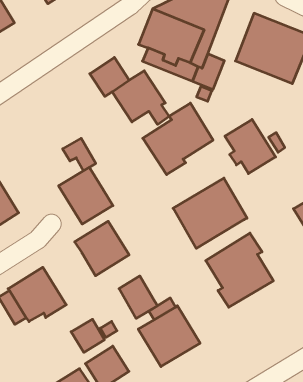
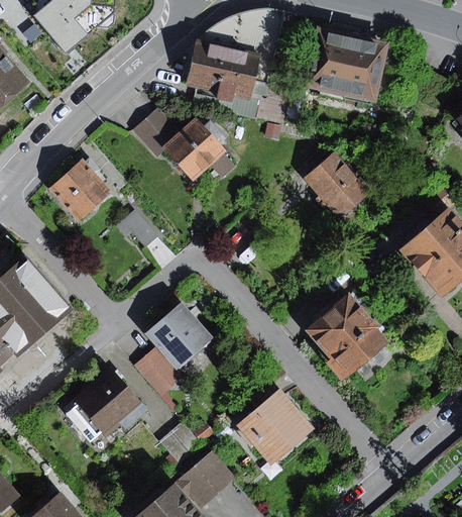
building: none -> [50,158,111,221]
building: [143,103,213,175] -> none
building: [59,167,113,224] -> none
building: [173,178,247,248] -> none
building: [119,276,158,318] -> [134,345,184,397]

